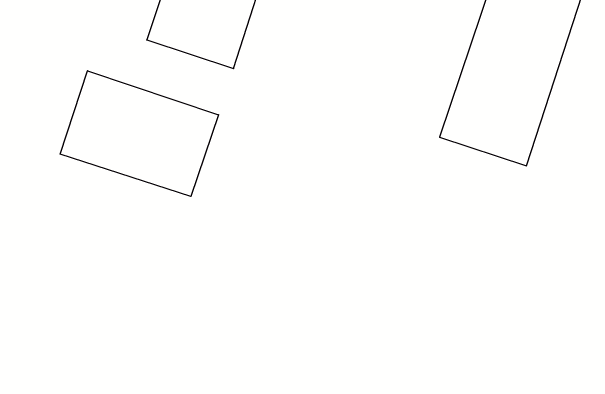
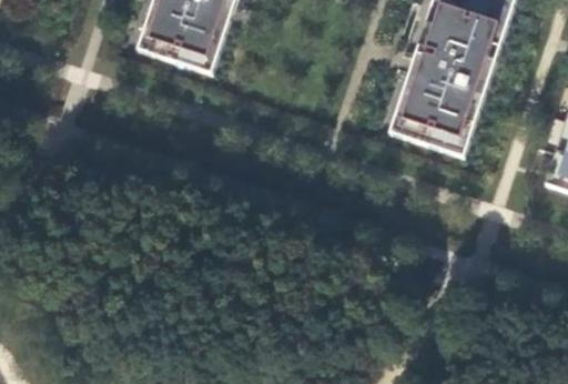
building: [60,71,219,196] -> none

